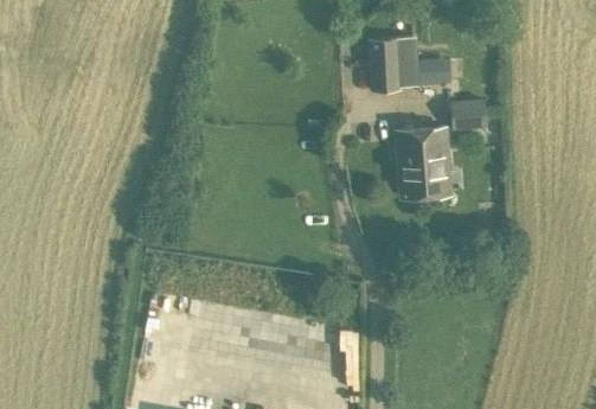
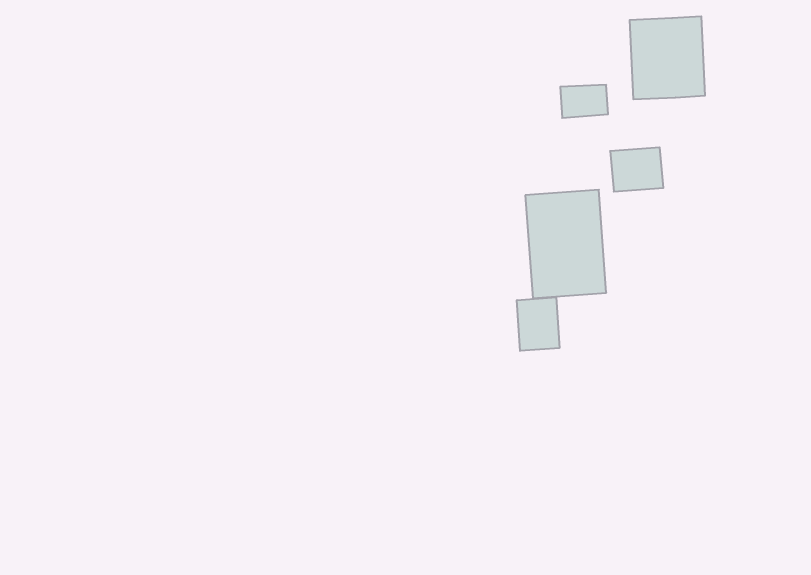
building: [370,39,418,92] -> [630,16,705,99]
building: none -> [517,297,559,351]

